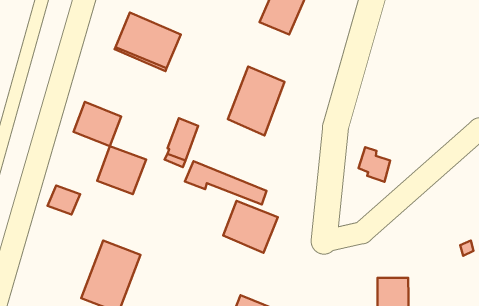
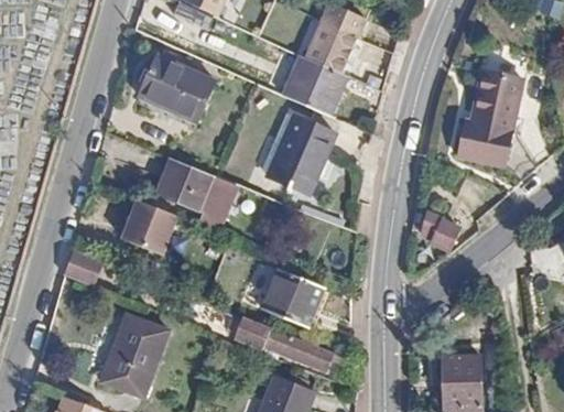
building: none -> [280,59,343,120]
building: none -> [451,68,518,163]
building: [73,102,121,146] -> [158,156,213,207]
building: [185,161,266,204] -> [236,318,329,368]

